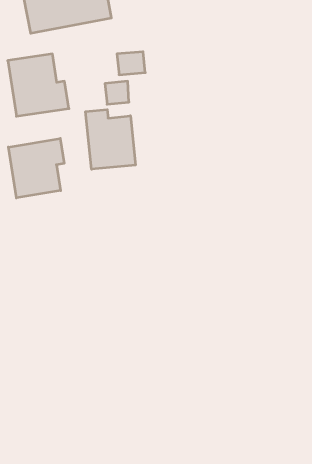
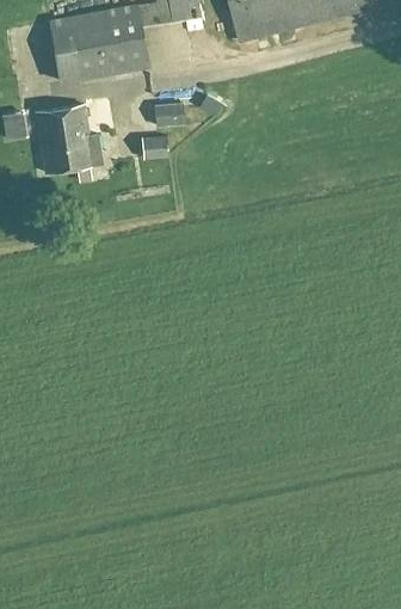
building: [86,110,135,169] -> none
building: [8,138,64,198] -> none

